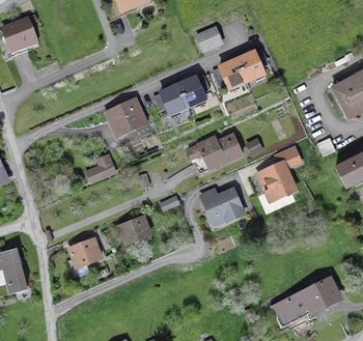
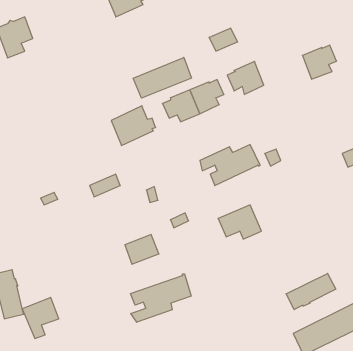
building: [236,50,268,81] -> [302,45,337,79]
building: none -> [133,57,192,98]
building: [263,147,300,202] -> none
building: [67,238,101,276] -> [22,297,59,338]
building: none -> [286,273,336,310]
building: none -> [130,274,191,322]

